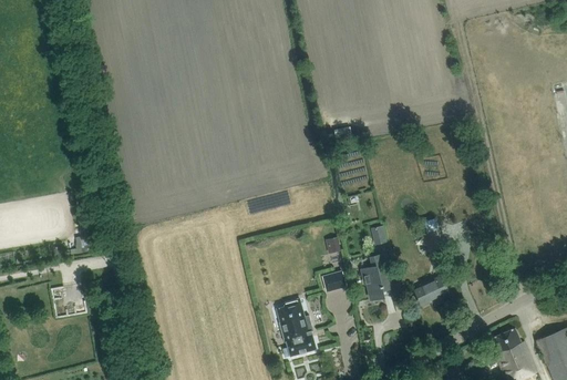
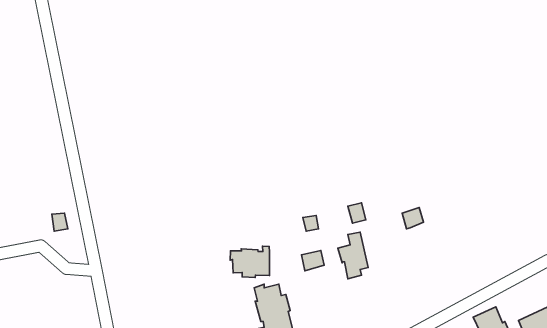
building: none -> [230,246,270,277]
building: [413,276,449,307] -> none

